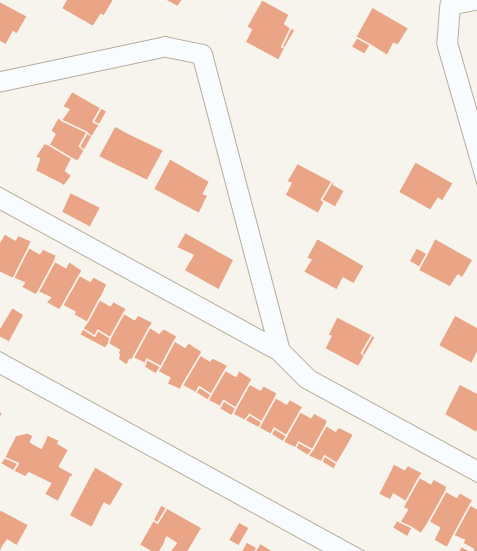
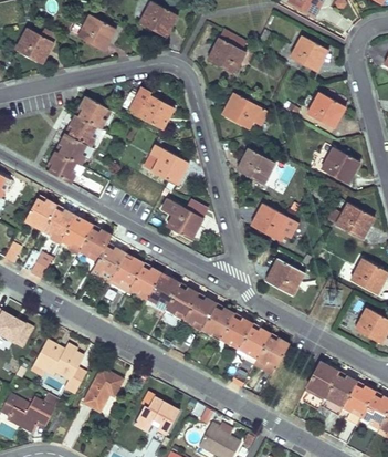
building: none -> [306,91,346,126]
building: none -> [223,92,268,128]
building: [98,126,164,181] -> [127,89,175,128]
building: none -> [49,150,76,183]

